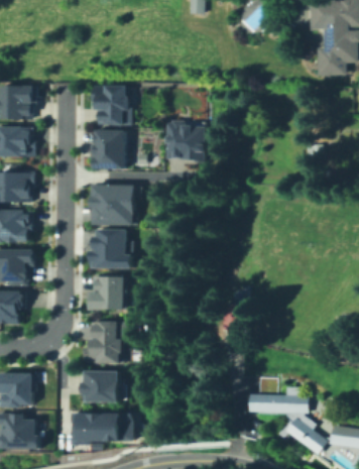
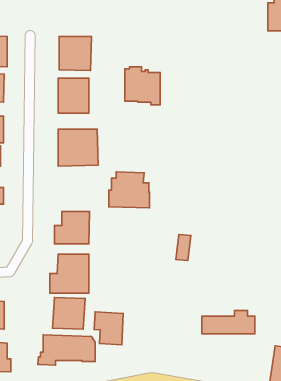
building: [86,228,130,267] -> [109,172,150,208]
building: none -> [94,312,123,345]
building: [284,417,322,451] -> none

